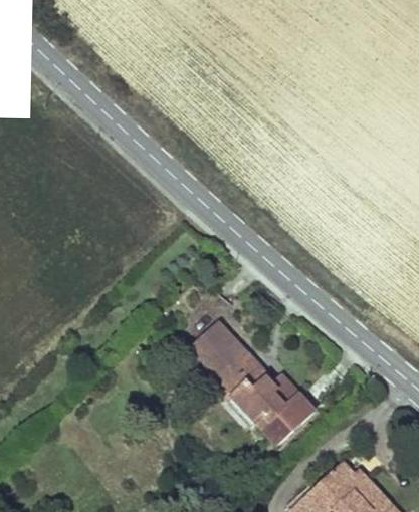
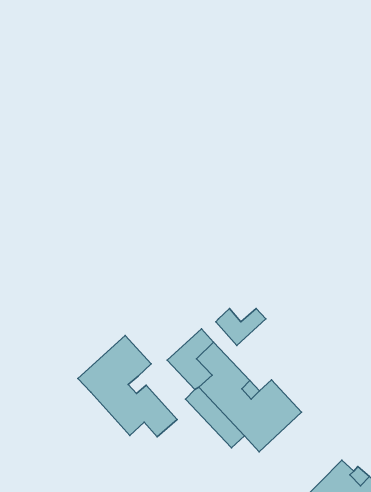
building: none -> [216,308,266,345]
building: none -> [78,335,177,437]

